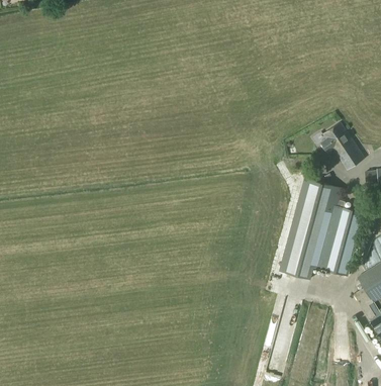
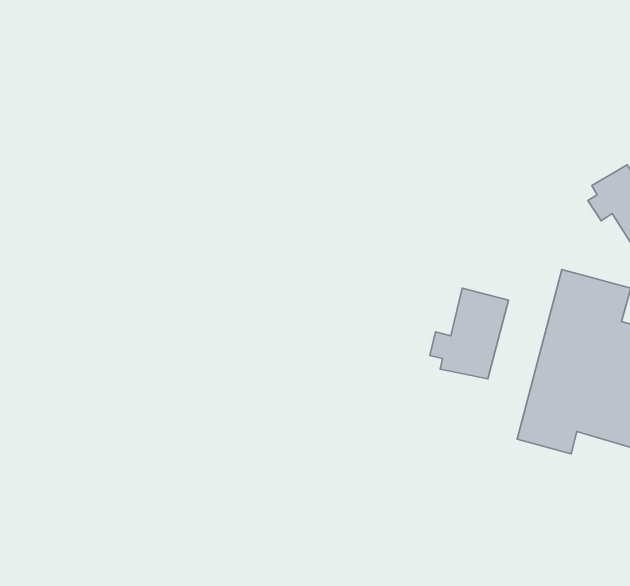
building: none -> [430,288,509,379]

